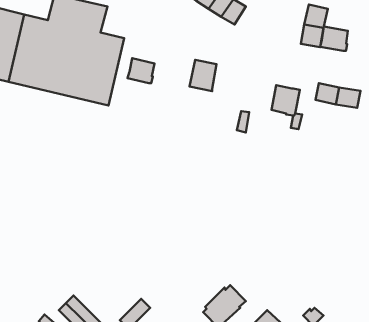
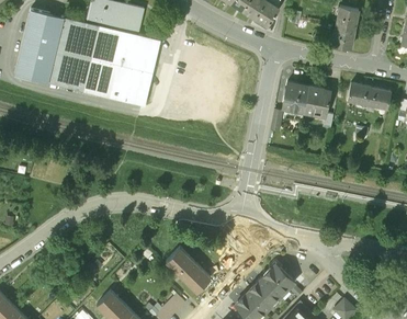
building: [320,26,348,51] -> none
building: [128,58,154,83] -> none
building: [190,60,217,91] -> [283,81,309,112]
building: none -> [167,248,211,292]
building: none -> [263,265,294,297]

